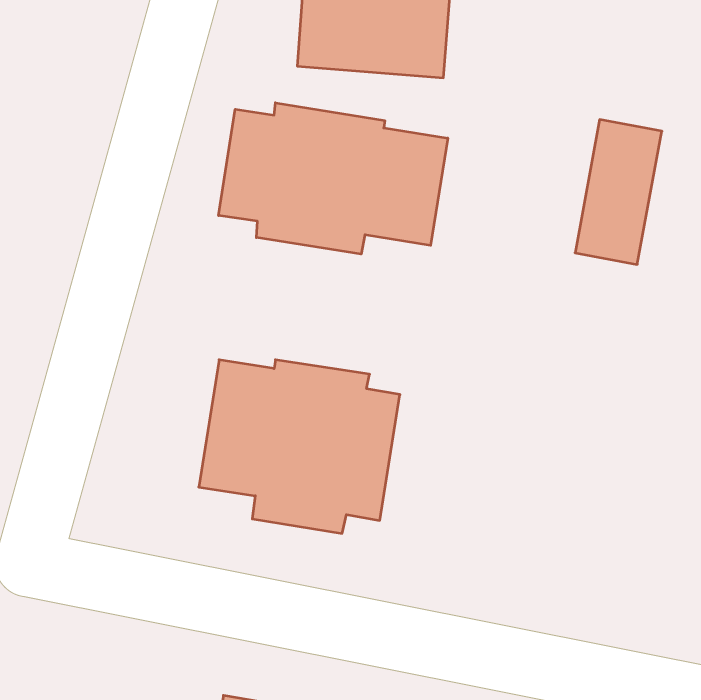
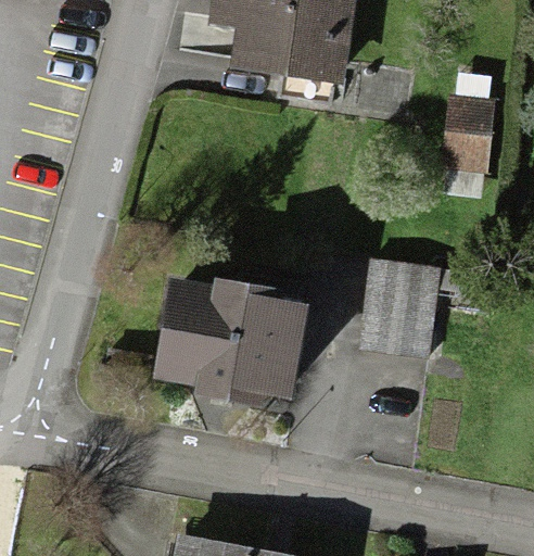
building: [219,103,448,254] -> none
building: none -> [357,254,475,358]

